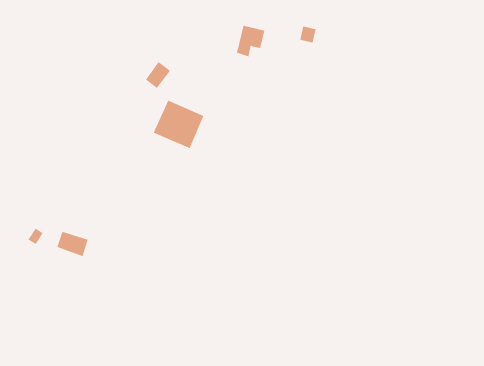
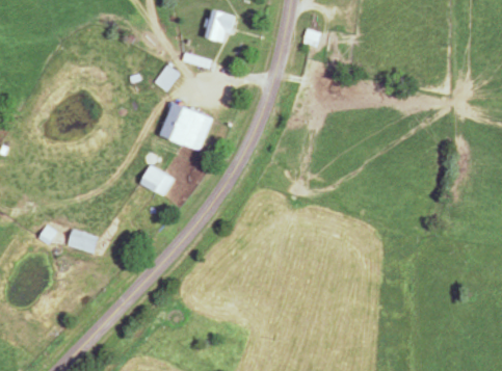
building: [236,25,265,57] -> [207,10,235,42]
building: none -> [140,166,171,195]

